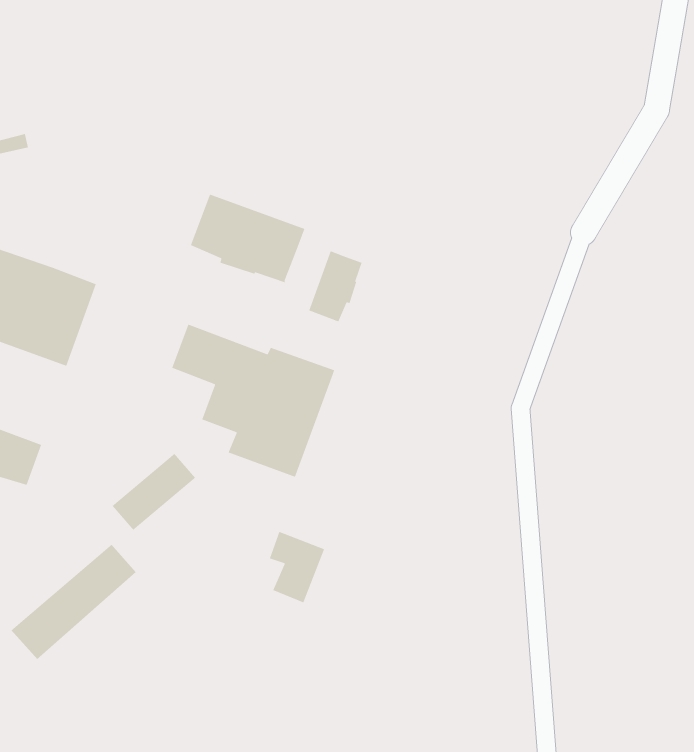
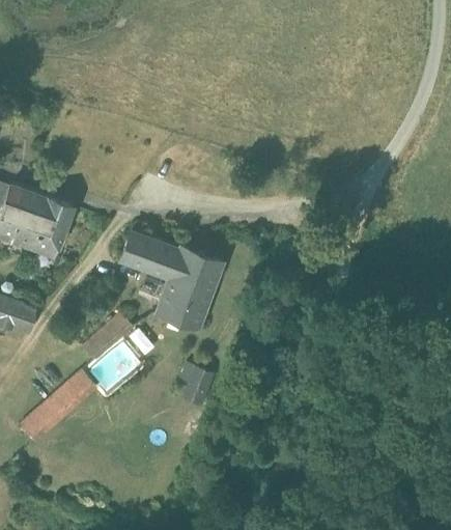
building: [190,193,305,283] -> none
building: [308,250,363,323] -> none

